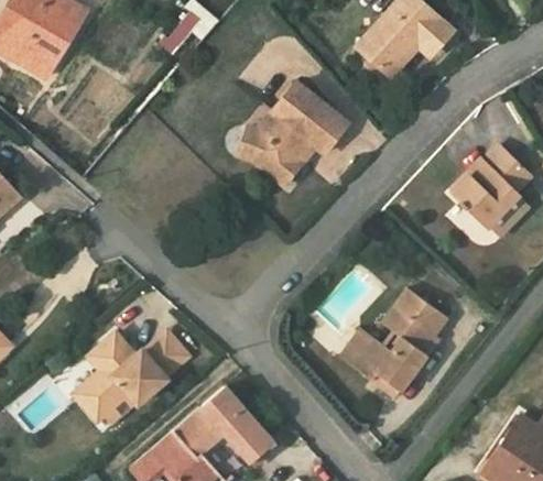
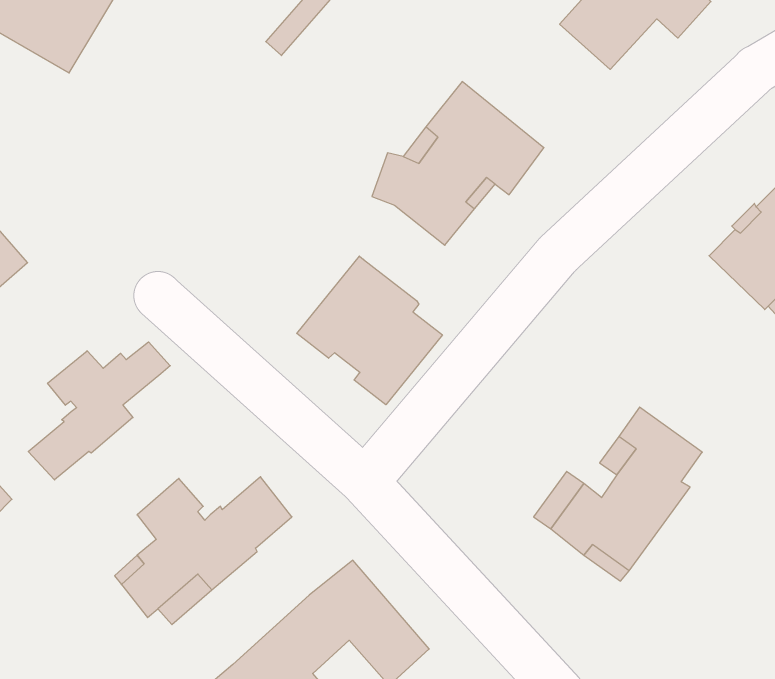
building: none -> [297,256,442,405]
building: none -> [28,342,170,480]

